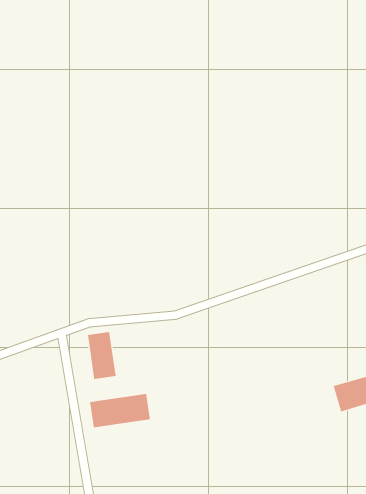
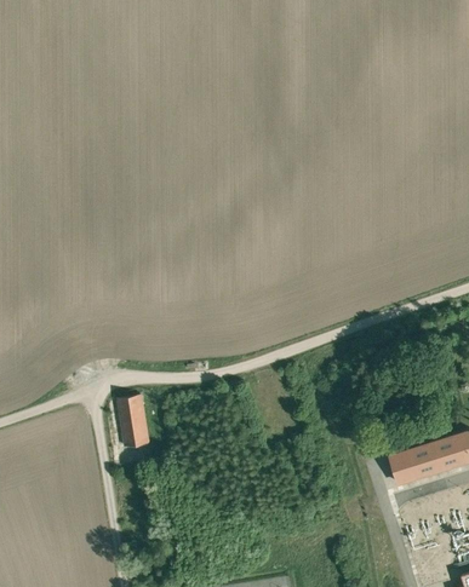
building: [90,393,151,428] -> none

